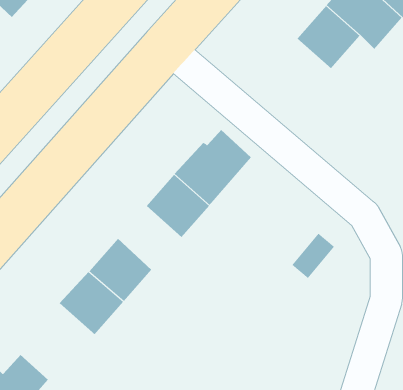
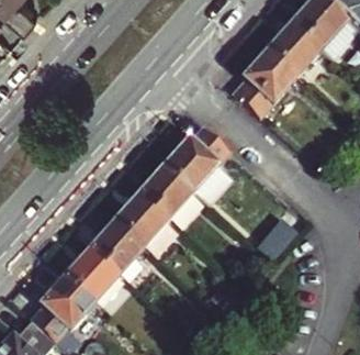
building: none -> [233,47,297,115]
building: none -> [114,191,169,246]
building: none -> [31,275,94,341]

